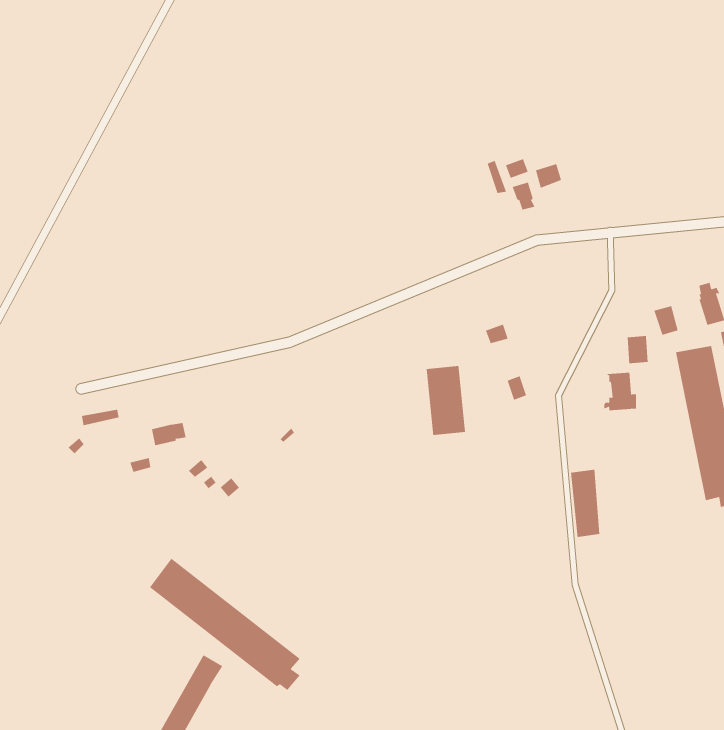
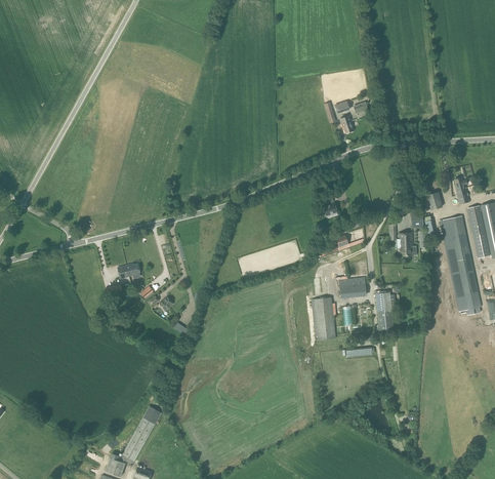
building: [426,365,466,436] -> [311,296,335,340]
building: none -> [339,277,366,296]
building: [149,558,300,691] -> none

